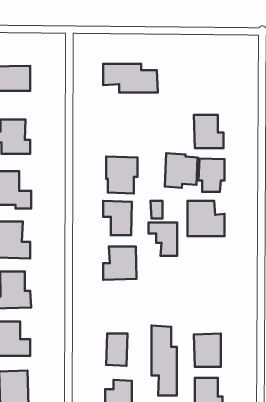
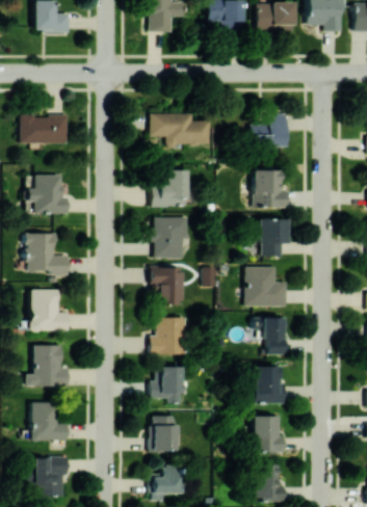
building: none -> [252,114,286,146]
building: none -> [152,170,188,207]
building: [165,153,198,188] -> none
building: [149,222,177,256] -> [254,318,286,355]
building: none -> [151,367,183,403]
building: none -> [255,367,286,404]
building: [152,326,177,396] -> none

